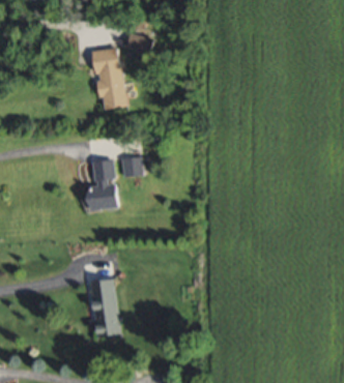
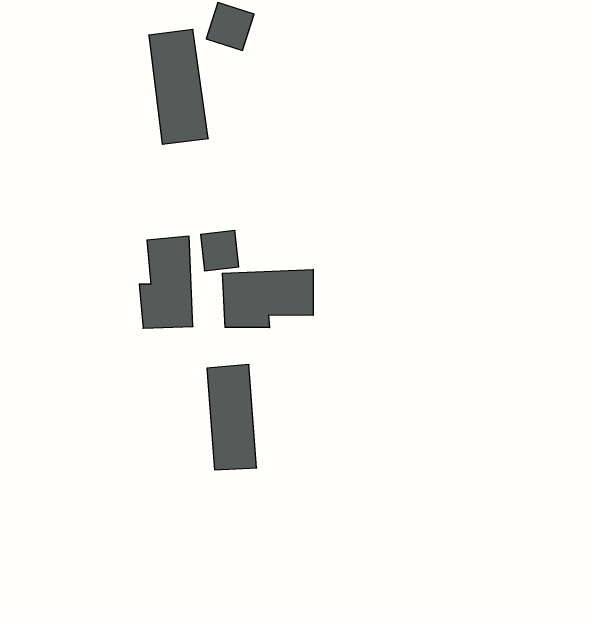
building: none -> [223,269,313,328]
building: [88,278,115,335] -> [207,364,257,470]

